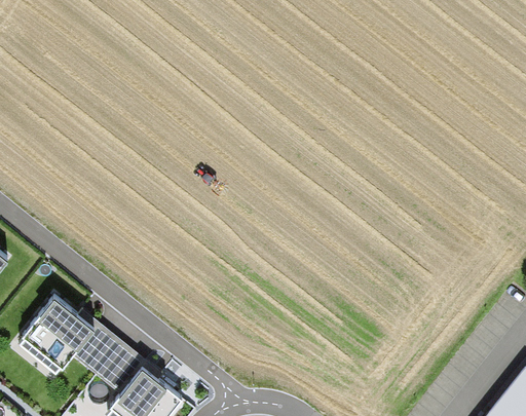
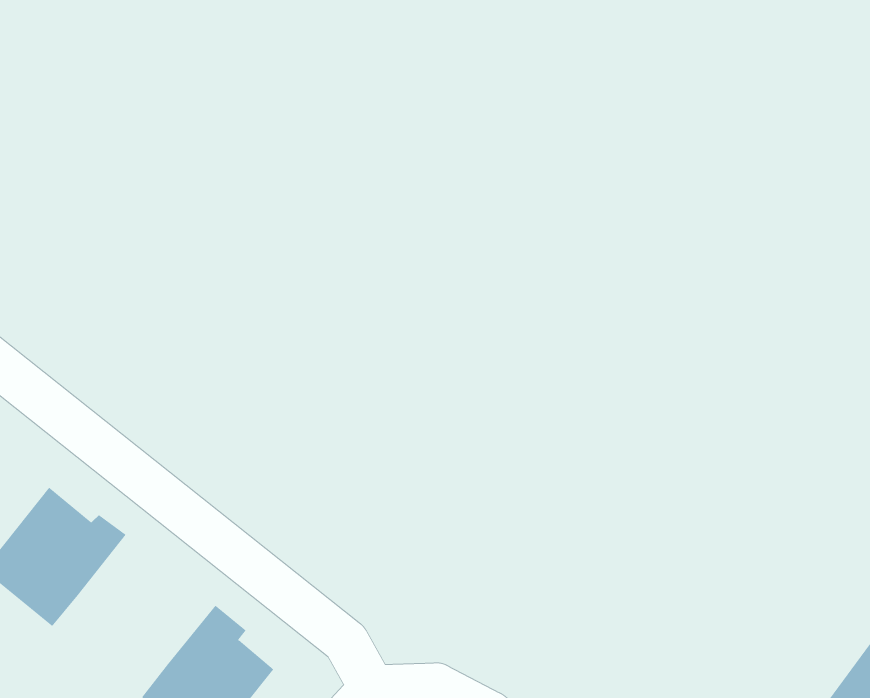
building: [71,322,147,393] -> none

